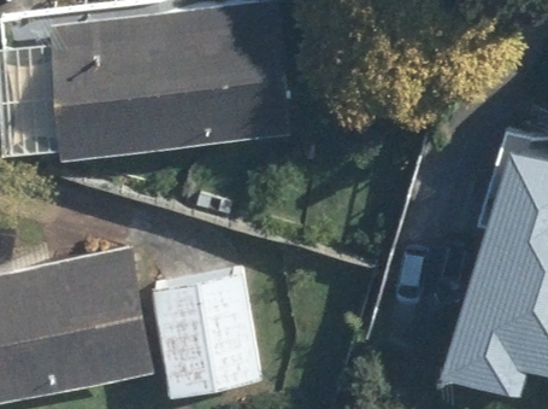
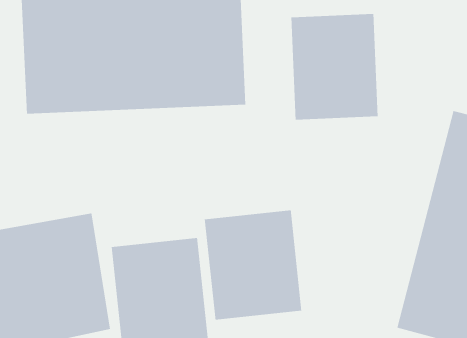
building: none -> [291,13,378,120]
building: none -> [204,209,302,321]

